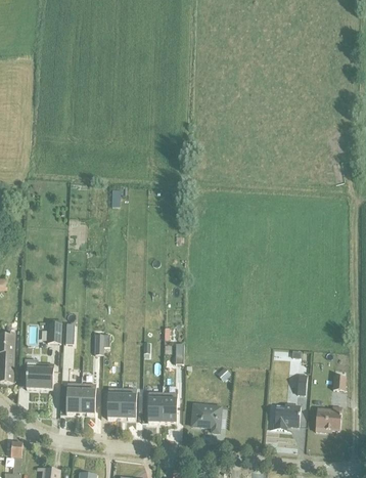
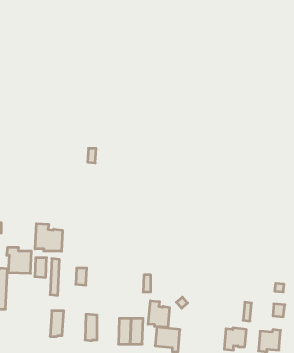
building: none -> [35,224,62,251]
building: [22,358,52,389] -> [7,248,31,273]
building: none -> [148,301,170,327]
building: [79,383,95,415] -> none
building: [121,388,135,419] -> none

